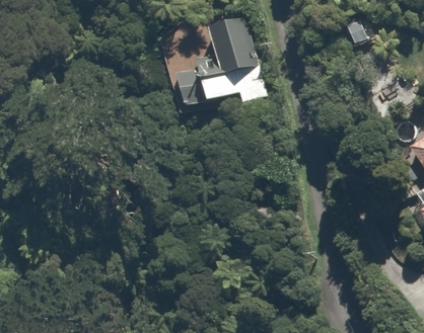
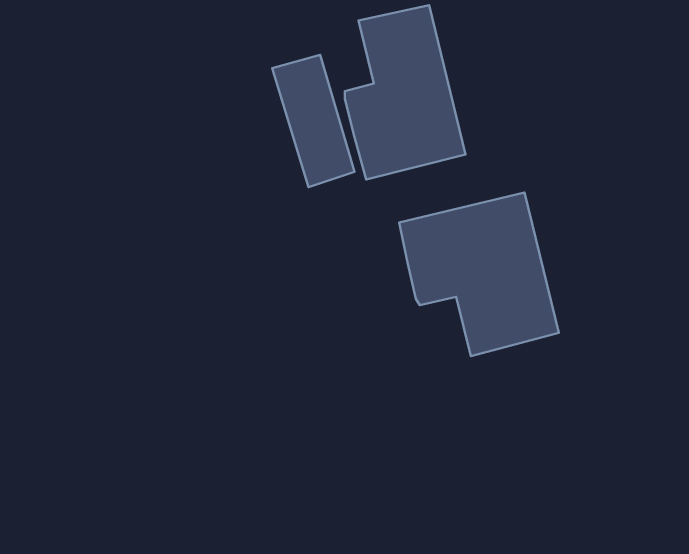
building: none -> [399,192,559,356]

